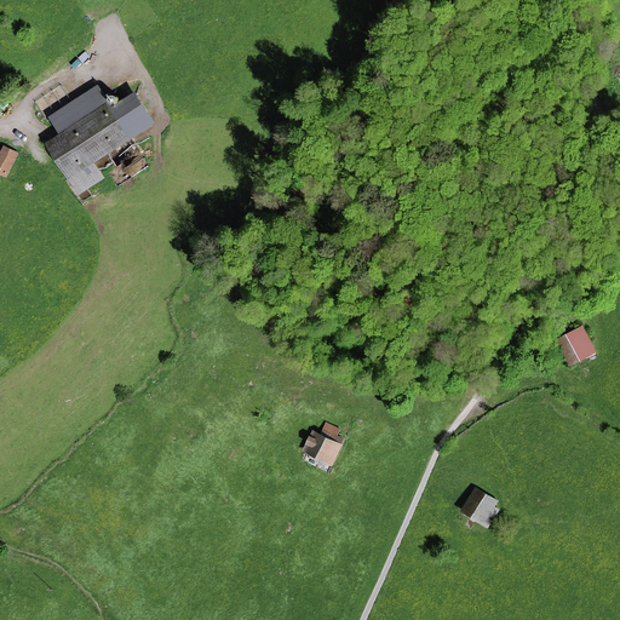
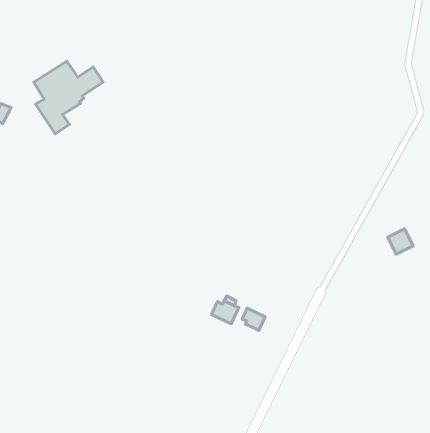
building: none -> [242,308,265,331]
building: [460,489,495,526] -> none

